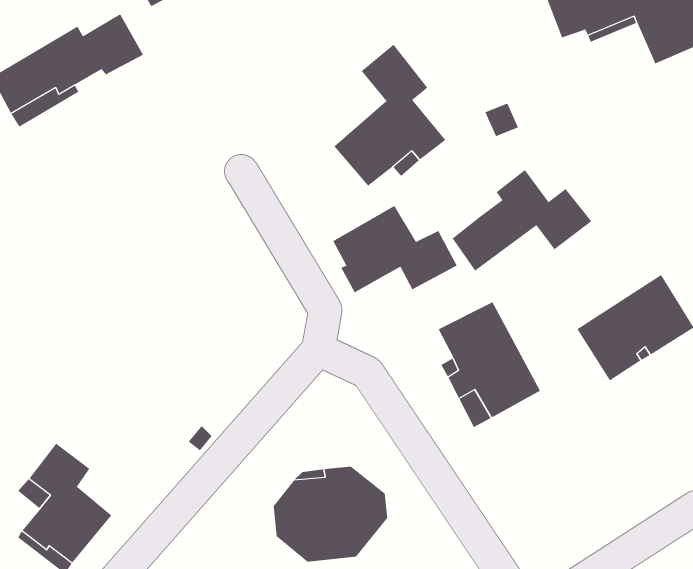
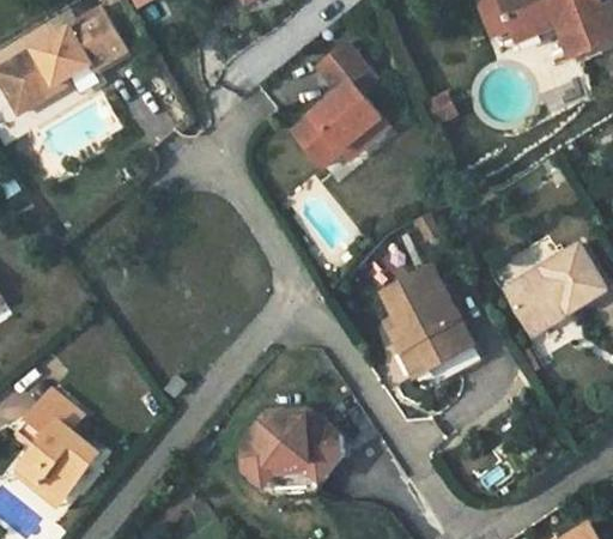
building: [452,169,592,271] -> none
building: [333,205,458,293] -> none

